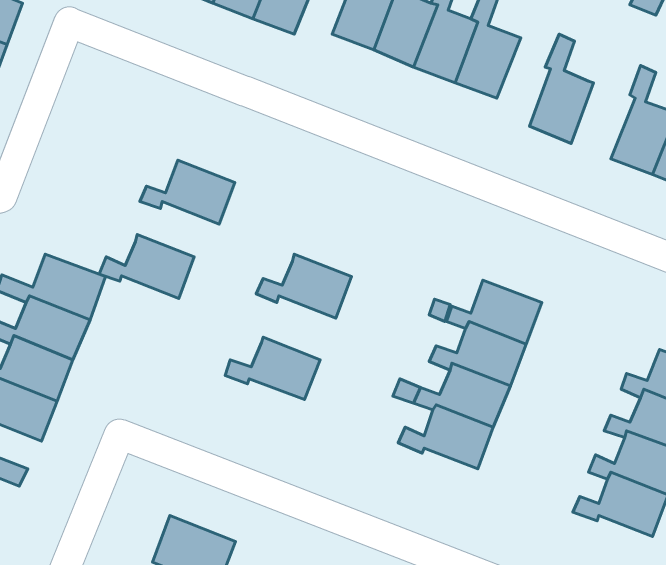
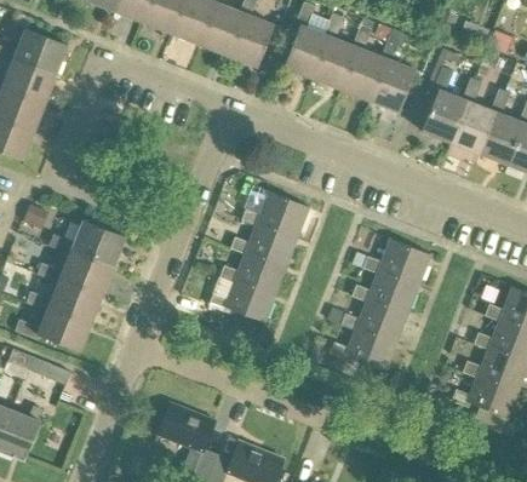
building: none -> [451,78,496,154]
building: [140,160,235,224] -> [241,191,308,236]
building: [99,234,194,298] -> [219,249,286,294]

